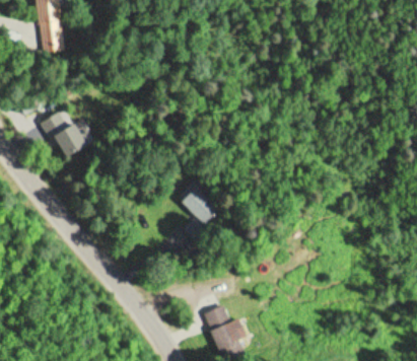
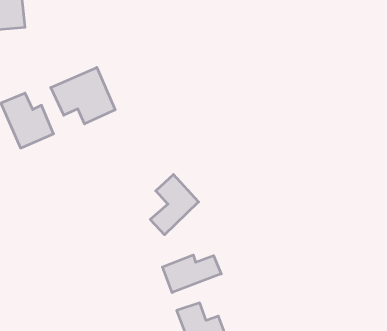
building: none -> [51,67,115,124]
building: none -> [162,255,221,293]

